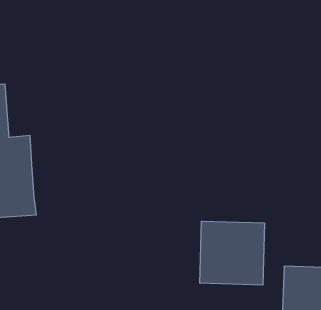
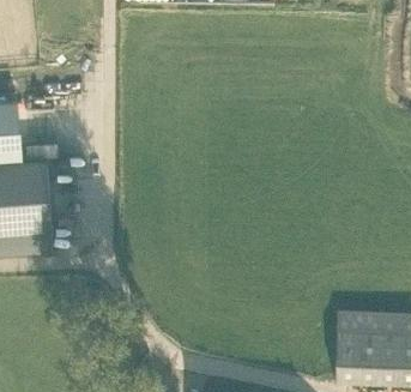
building: [200,221,264,285] -> none

